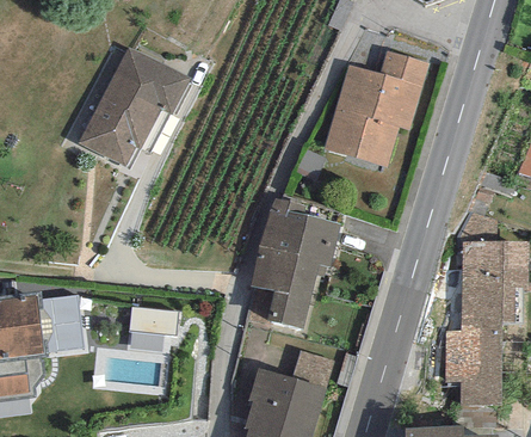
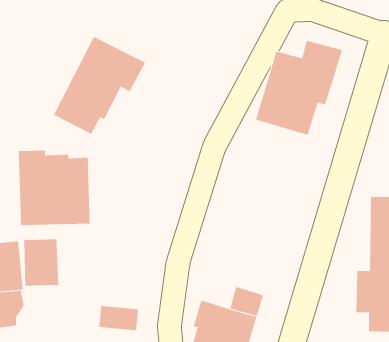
building: none -> [18,150,90,226]
building: [249,198,340,328] -> none
building: [129,306,178,337] -> [98,305,139,331]

